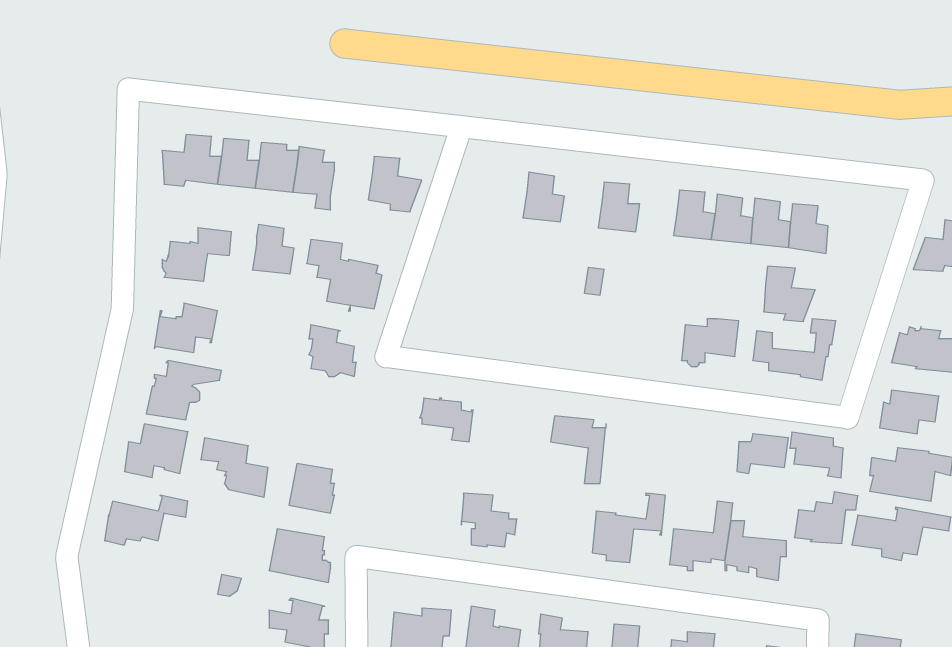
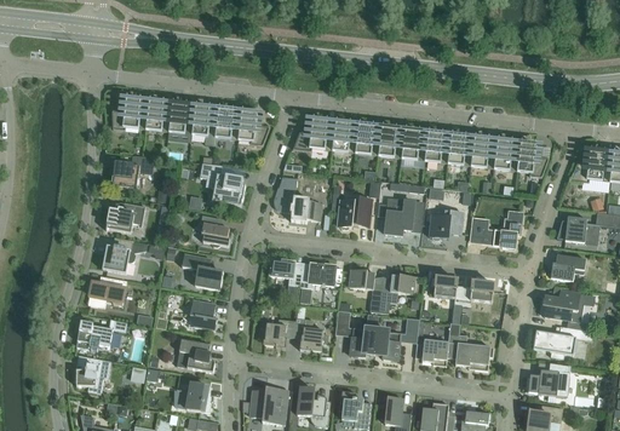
building: none -> [293,119,334,150]
building: none -> [355,123,380,155]
building: none -> [401,130,426,166]
building: [252,224,294,274] -> [214,108,240,138]
building: none -> [274,176,322,222]
building: [764,266,815,322] -> [517,143,549,177]
building: none -> [338,199,372,229]
building: none -> [385,201,423,235]
building: none -> [299,263,335,287]
building: none -> [379,274,415,312]
building: [790,432,843,478] -> [431,276,464,304]
building: [201,438,268,497] -> [182,253,223,289]
building: none -> [335,310,377,356]
building: [794,492,858,543] -> [528,363,567,395]
building: none -> [260,318,295,347]
building: none -> [75,356,111,392]

